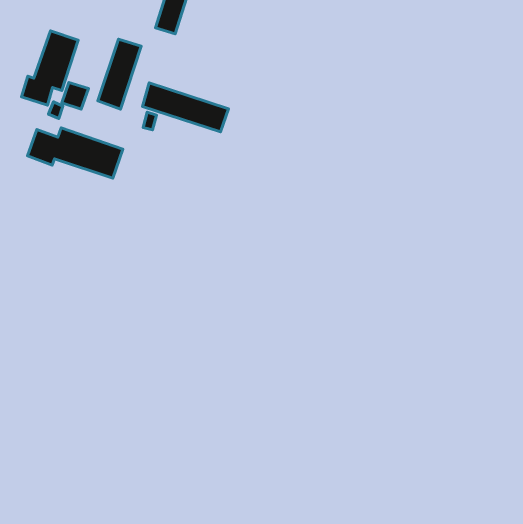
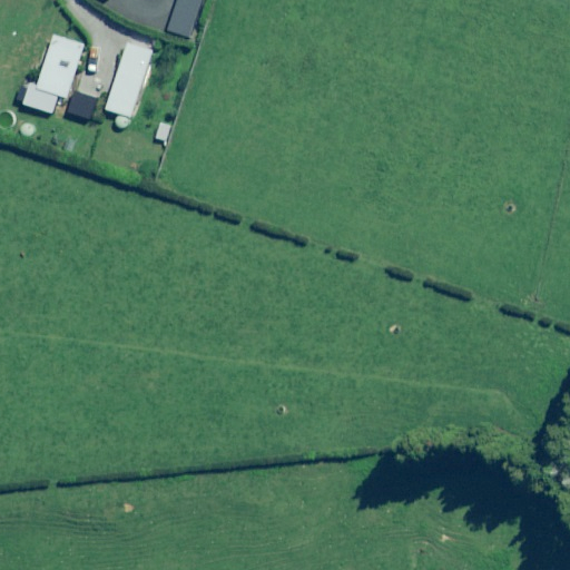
building: [142,83,228,132] -> none
building: [27,128,123,178] -> none

